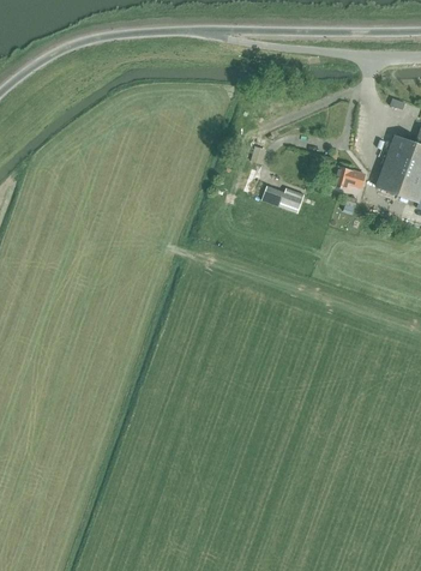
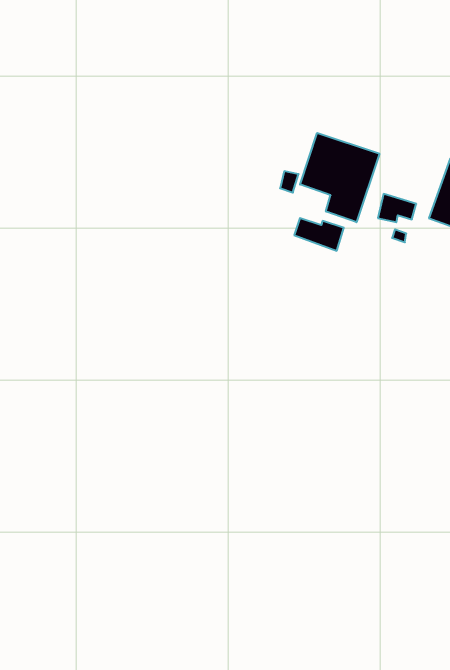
building: none -> [300,133,379,222]

